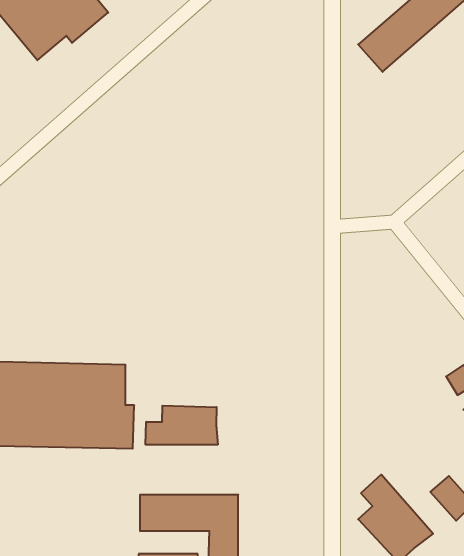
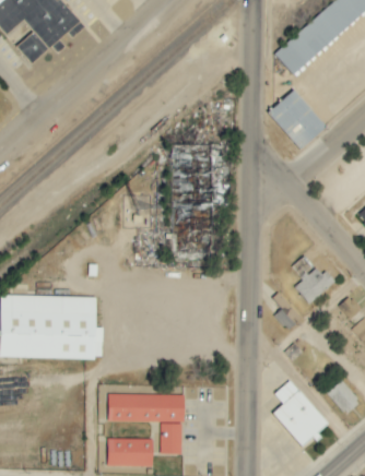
building: none -> [268,90,326,150]
building: none -> [293,260,337,302]
building: [146,406,218,445] -> none

